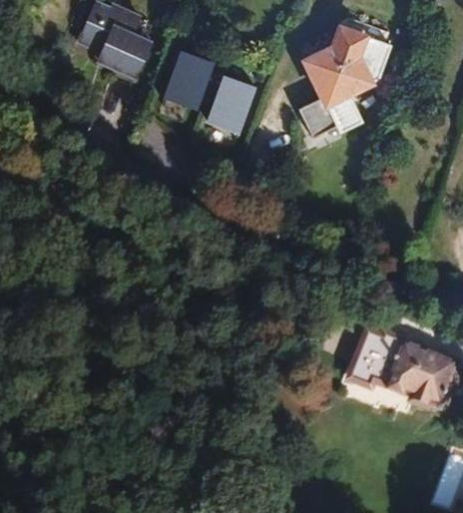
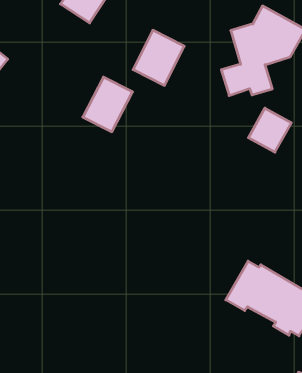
building: [155,50,209,113] -> [83,77,133,132]
building: none -> [248,108,291,152]

